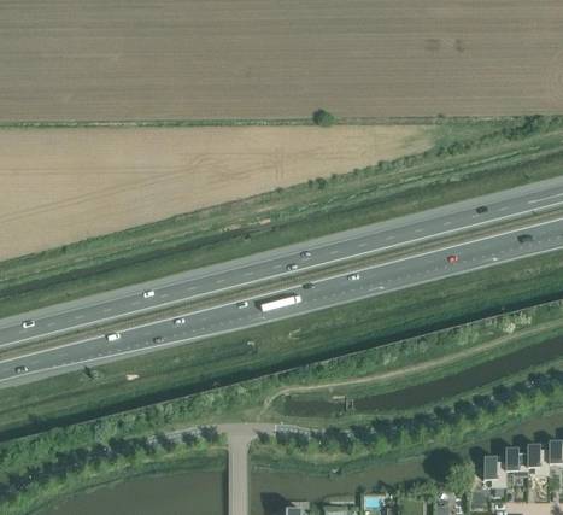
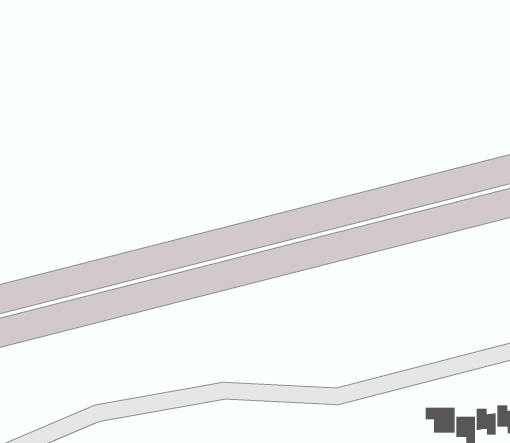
building: none -> [425,407,455,433]

